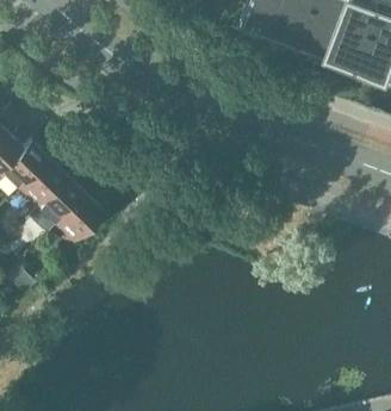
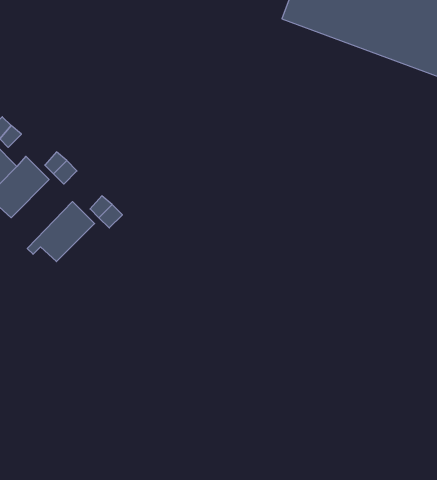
building: [21,160,72,216] -> none
building: [58,195,108,251] -> none

